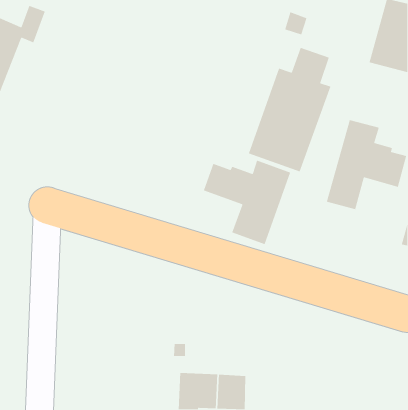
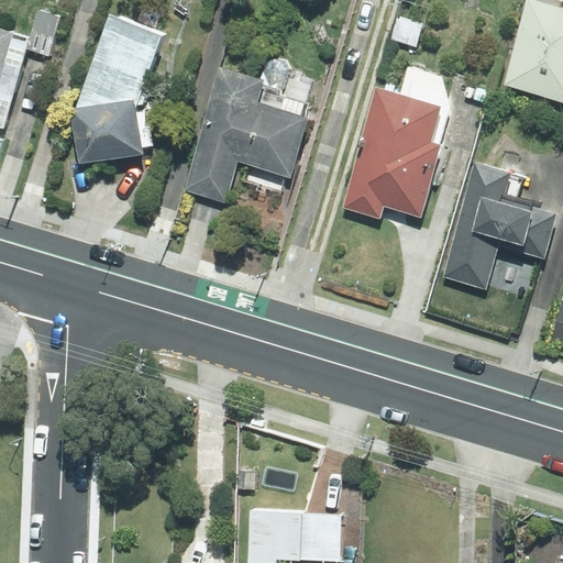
building: none -> [71,12,166,165]
building: none -> [180,63,314,201]
building: [203,159,291,245] -> none

